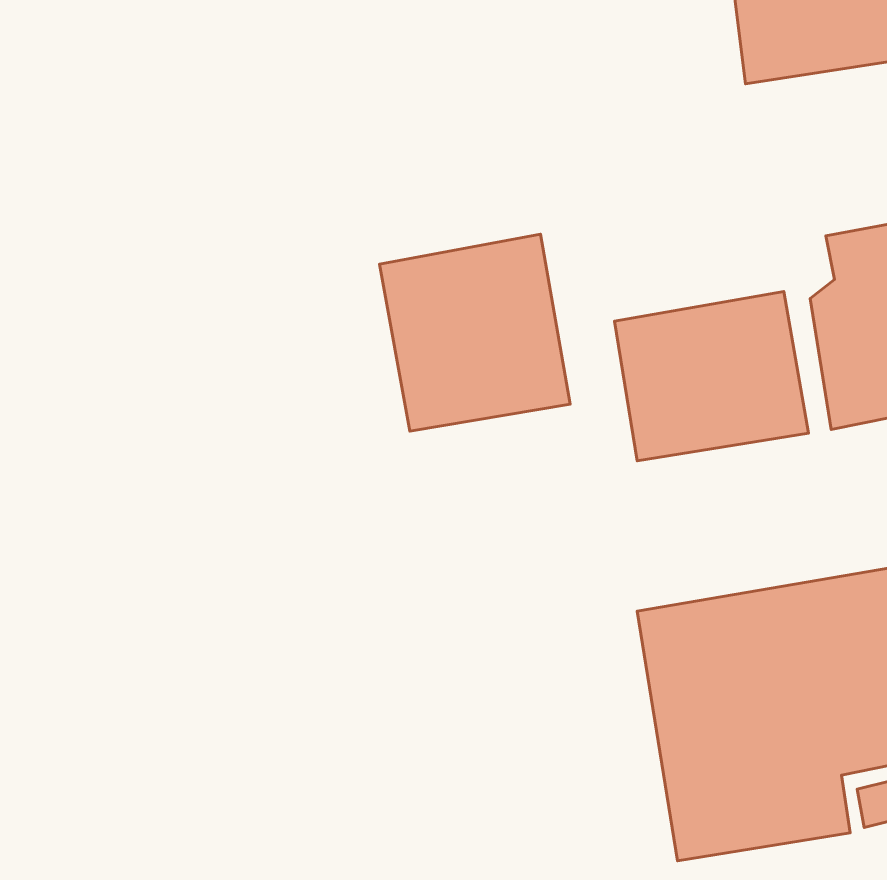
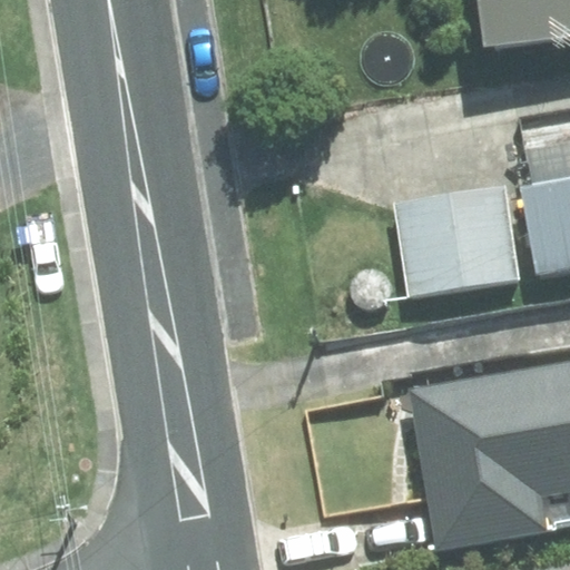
building: [379,234,570,431] -> none

